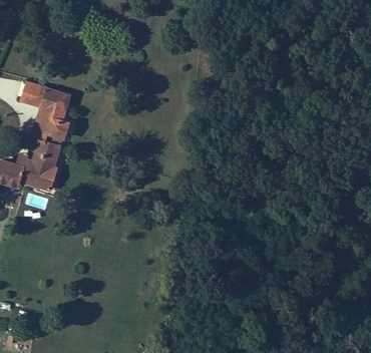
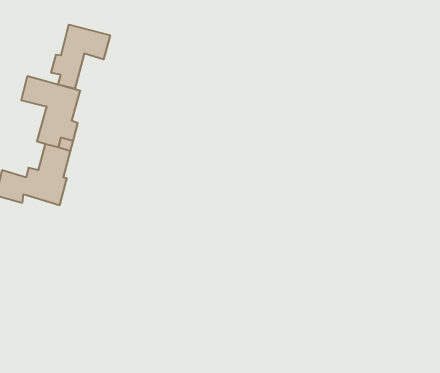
building: none -> [51,25,110,89]

